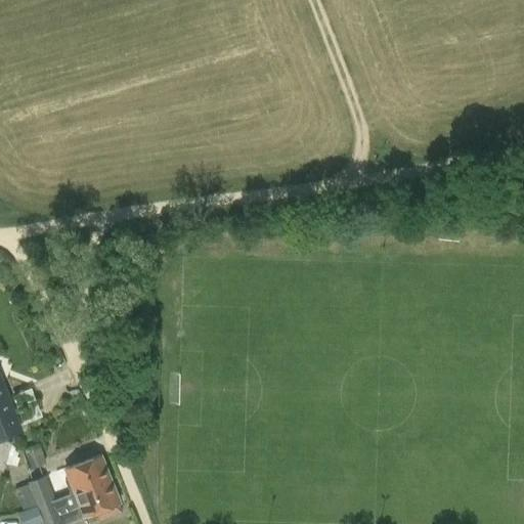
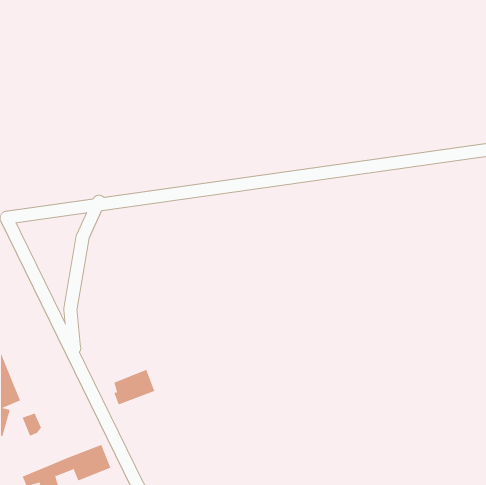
building: [64,455,110,494] -> [113,369,155,405]
building: [13,477,55,514] -> none

